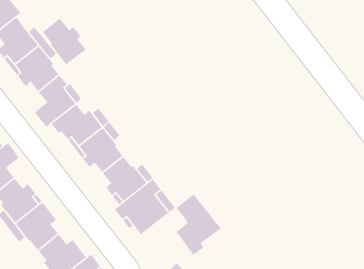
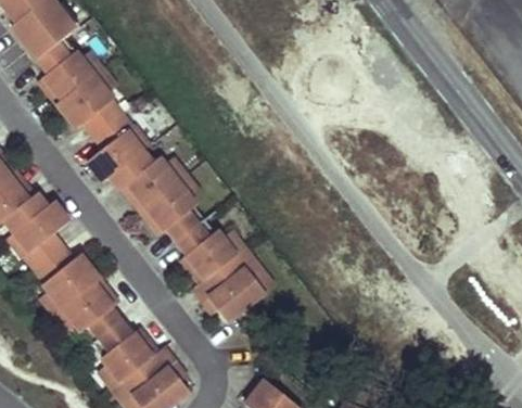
building: [42,17,86,66] -> none
building: [175,193,222,256] -> none

